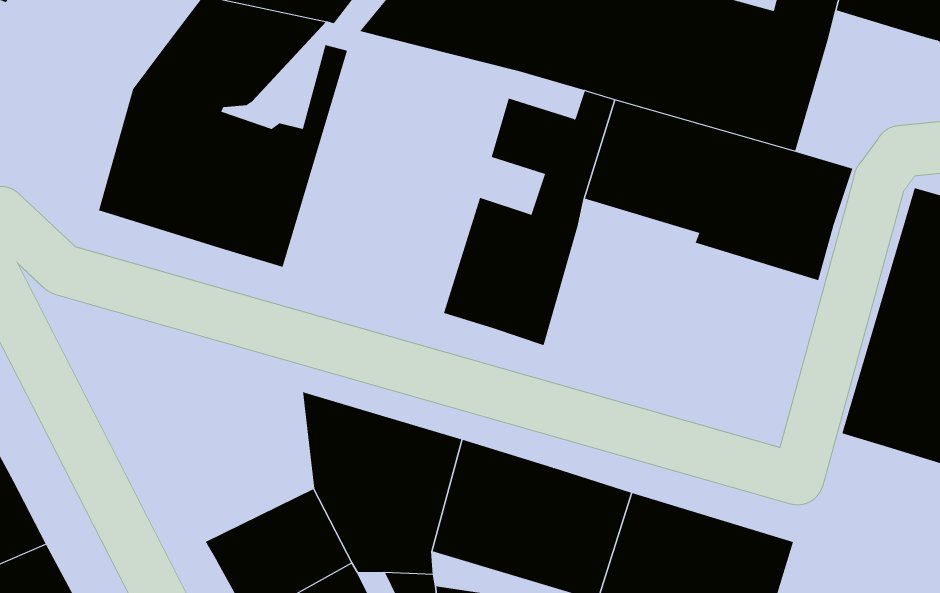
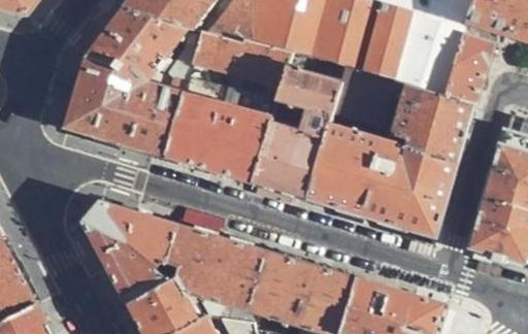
building: none -> [167,28,294,181]
building: none -> [444,34,493,103]
building: none -> [308,134,457,237]
building: none -> [81,200,184,305]

